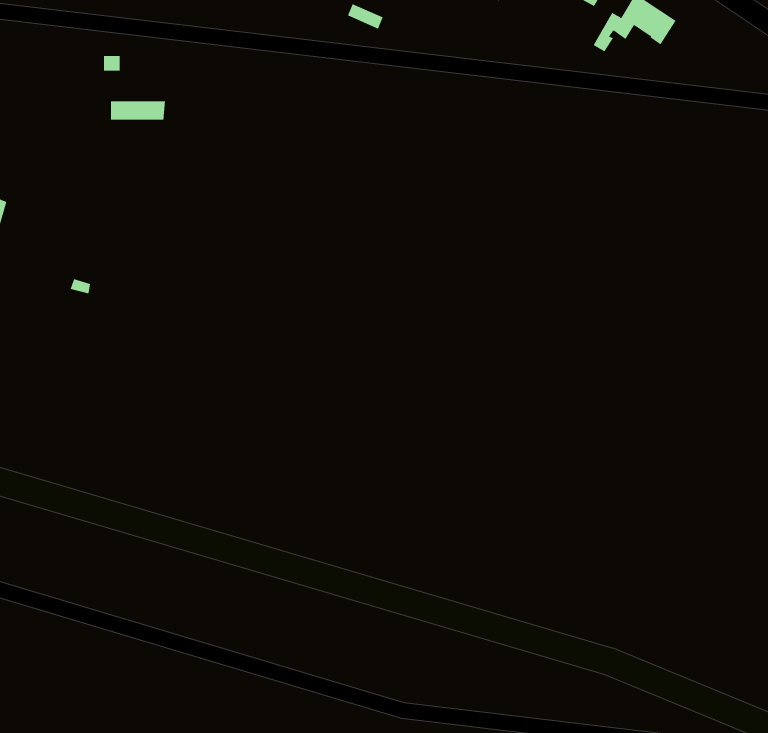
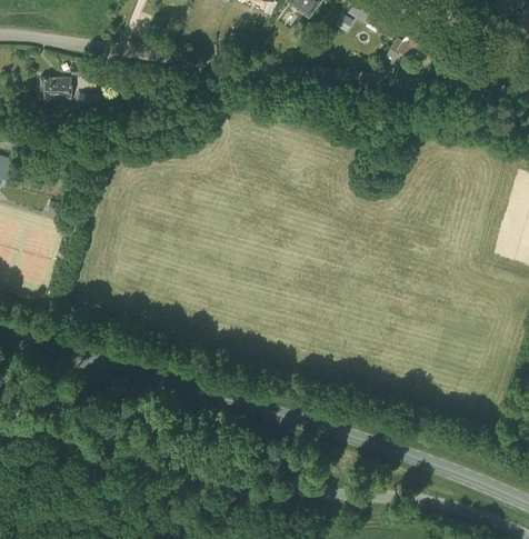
building: none -> [40,77,71,100]

